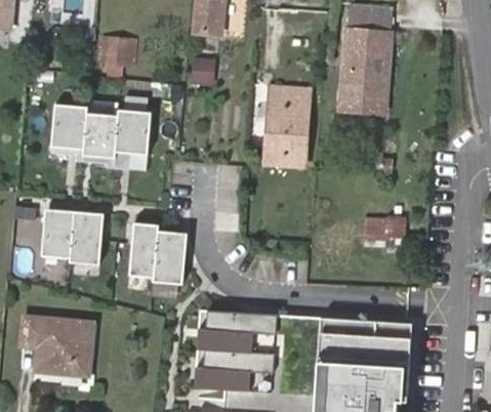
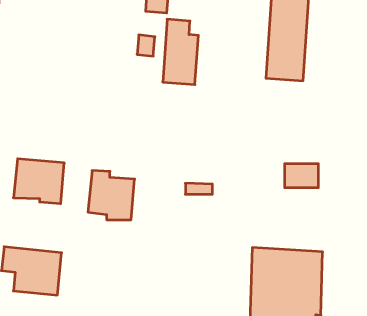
building: [108,33,136,67] -> none
building: [267,86,310,165] -> [163,19,198,85]
building: [46,105,148,159] -> none
building: [192,312,272,389] -> none

